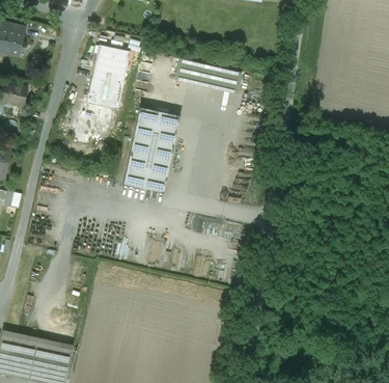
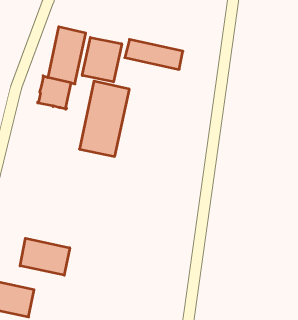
building: none -> [82,37,122,82]
building: none -> [20,238,70,275]

